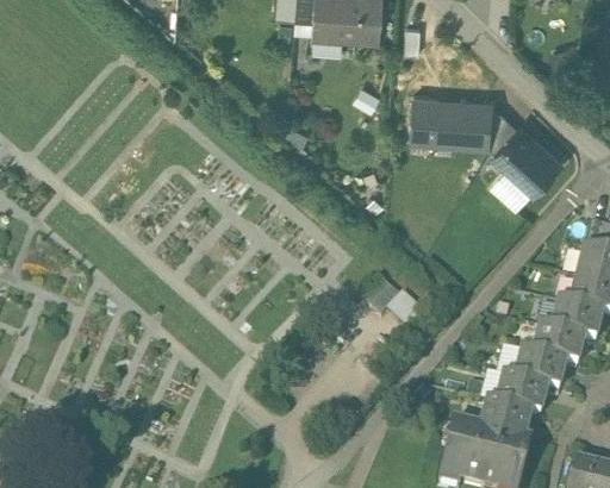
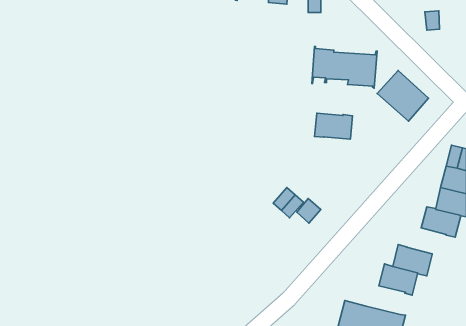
building: none -> [315,113,352,139]
building: [531,326,583,365] -> none
building: [479,401,530,440] -> none

